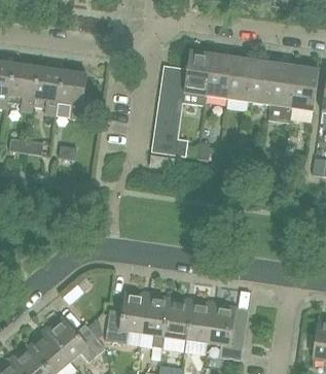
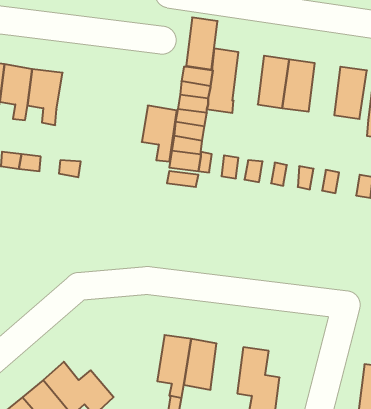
building: [205,53,231,97] -> [186,17,218,70]
building: [269,62,296,110] -> none
building: [56,70,85,117] -> [142,106,177,161]
building: [105,290,147,342] -> none
building: [186,300,214,342] -> none

